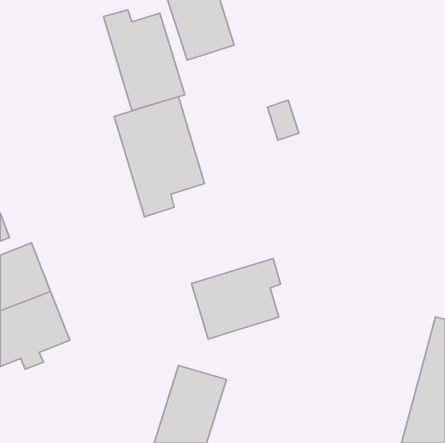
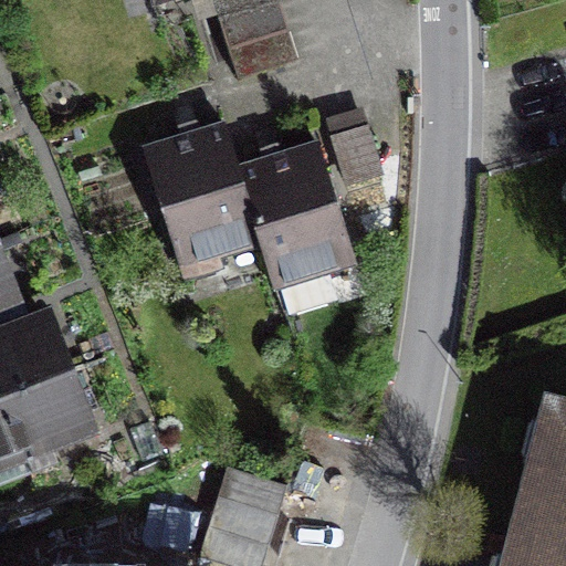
building: [103,10,185,110] -> none
building: none -> [240,143,354,310]
building: [191,258,280,339] -> none

